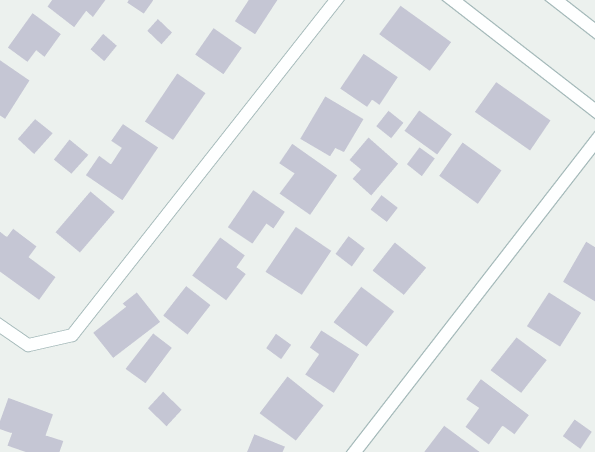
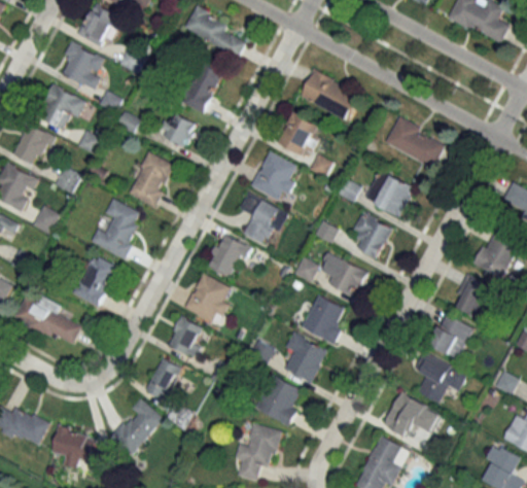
building: [404,109,453,155] -> none
building: [348,136,399,196] -> [351,211,391,257]
building: [53,139,89,175] -> [52,165,80,193]
building: [264,226,332,296] -> none
building: [92,292,161,359] -> [110,397,163,453]

